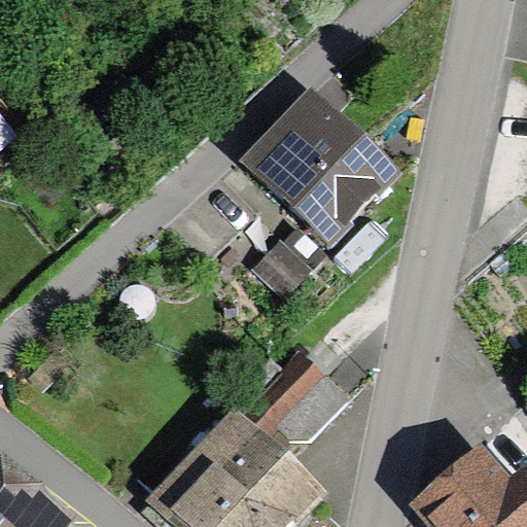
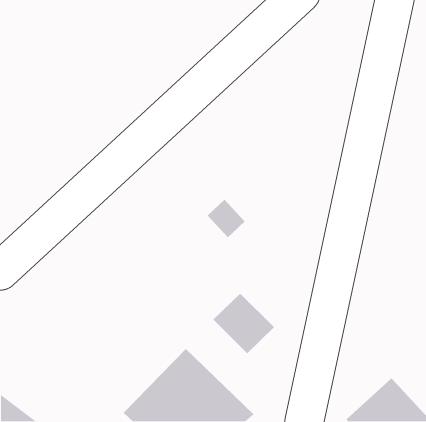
building: [259,107,384,232] -> none

